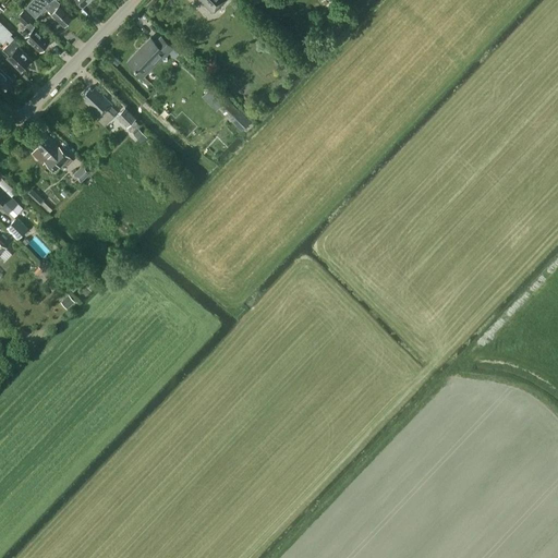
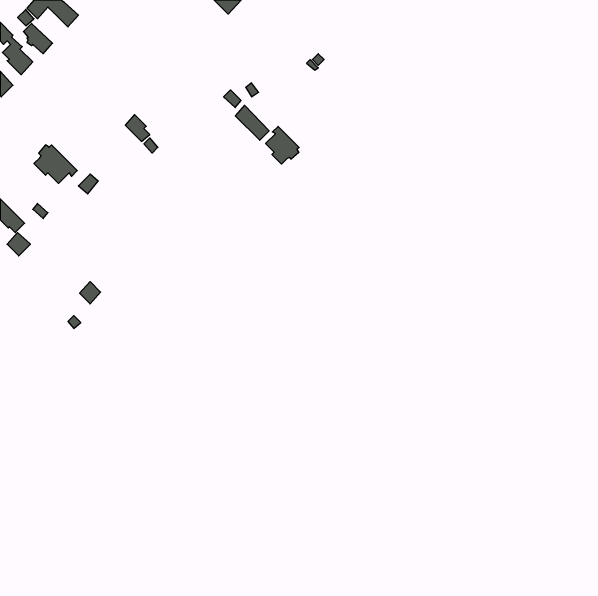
building: [128,37,172,75] -> none
building: [83,88,118,125] -> none
building: none -> [266,126,299,164]

